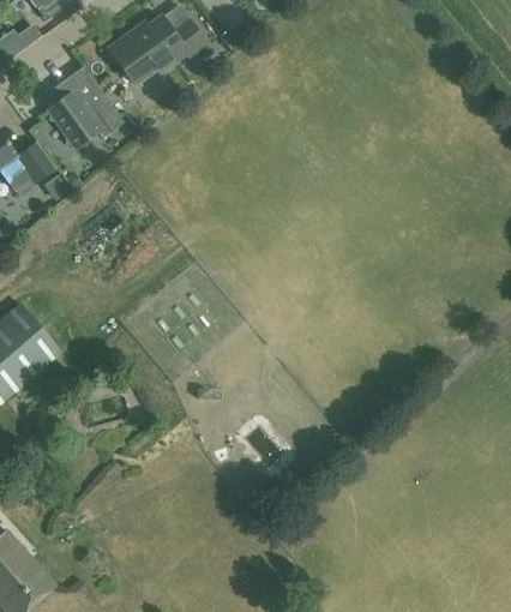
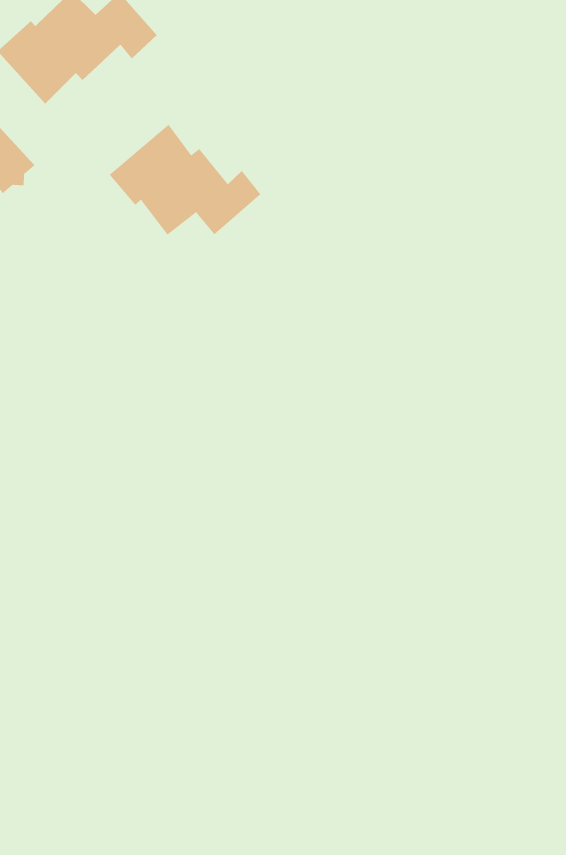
building: none -> [109,124,261,236]

